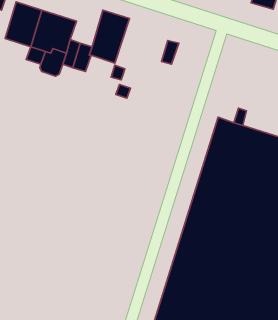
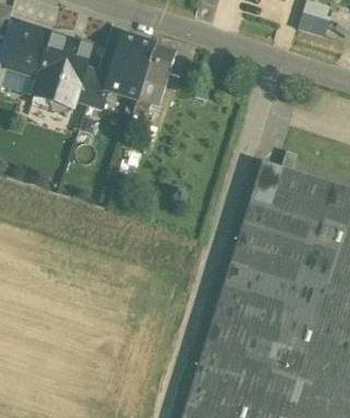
building: none -> [140,46,188,103]

